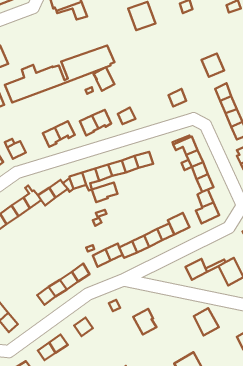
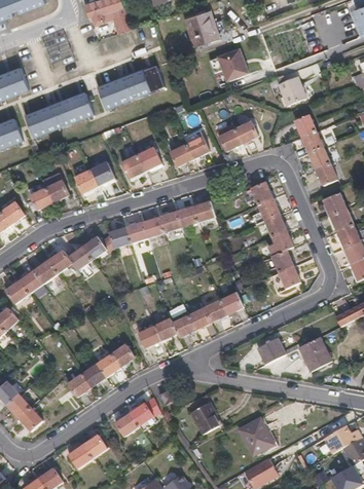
building: none -> [210,48,249,80]
building: [94,67,115,91] -> [183,128,210,158]
building: none -> [217,122,242,151]
building: none -> [42,172,70,201]
building: [92,182,118,202] -> none
building: [168,213,190,234] -> none
building: none -> [130,396,160,429]
building: [194,308,219,335] -> [241,418,272,453]

